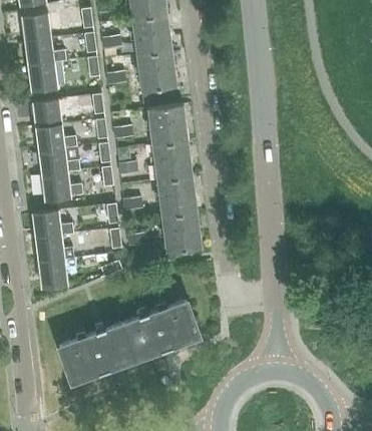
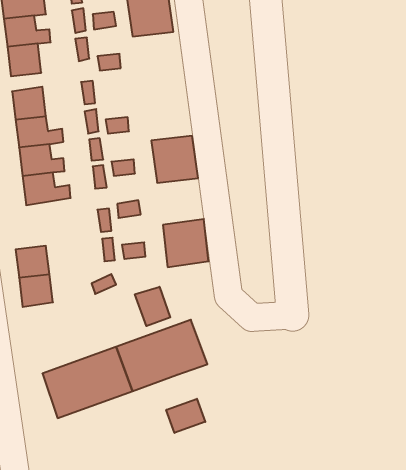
building: [136,52,176,92] -> none
building: [147,105,188,145] -> none
building: [157,177,198,218] -> none
building: [33,210,73,239] -> none
building: none -> [135,287,170,326]
building: none -> [166,399,205,433]

